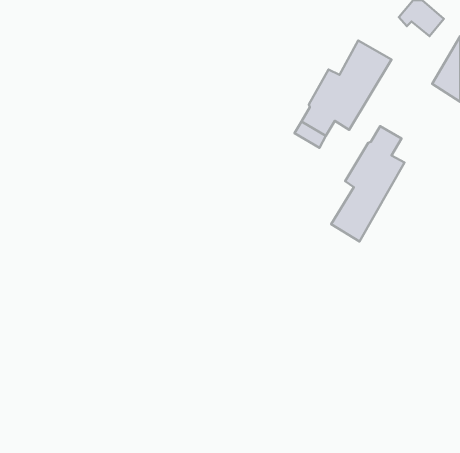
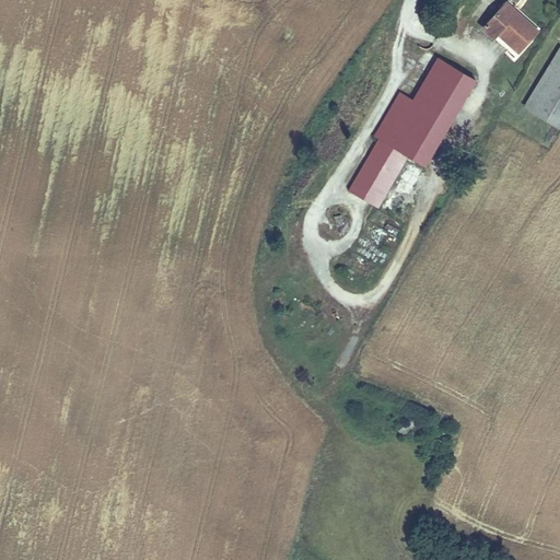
building: [331,126,404,241] -> none
building: none -> [349,171,388,207]

